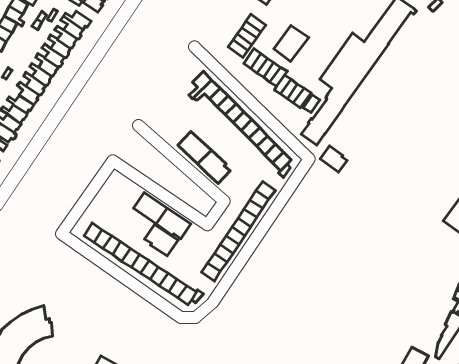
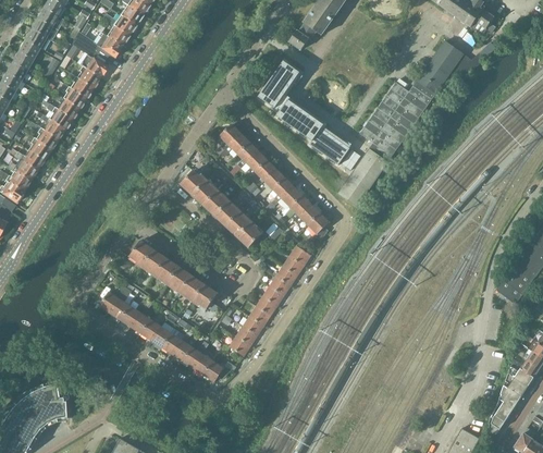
building: [274,25,309,61] -> none
building: none -> [181,171,218,206]
building: [320,146,347,172] -> none
building: [145,224,178,256] -> [129,241,166,276]

